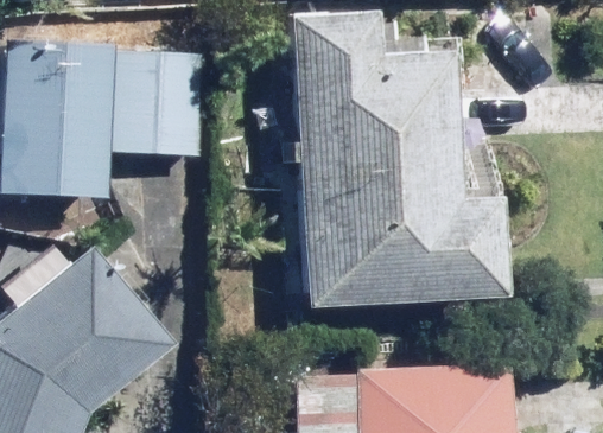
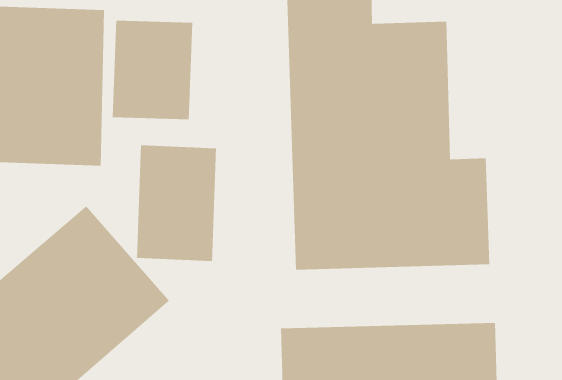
building: none -> [136,145,216,262]

